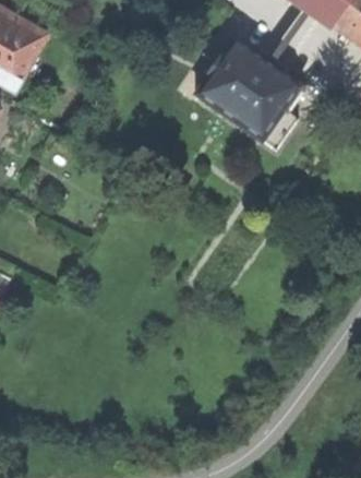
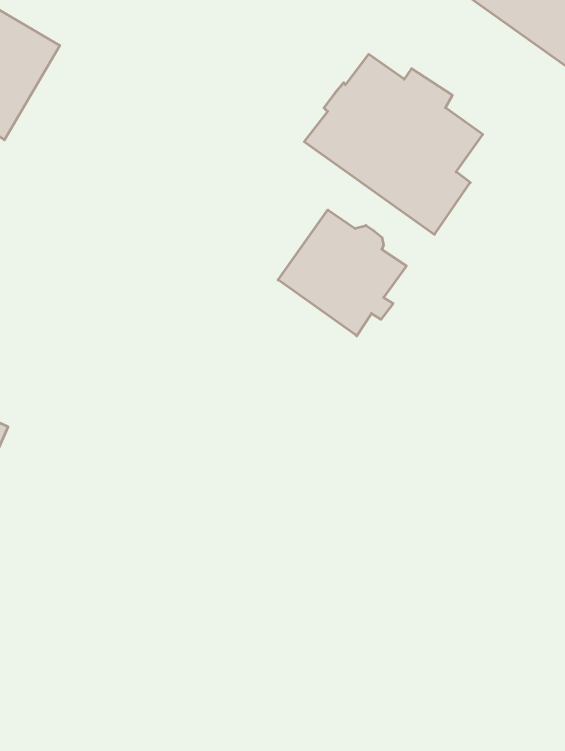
building: none -> [278,210,406,336]

